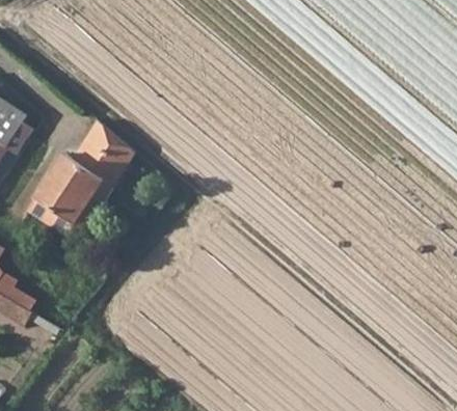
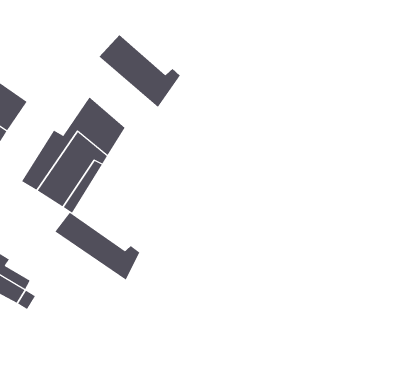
building: none -> [99,34,180,108]
building: none -> [55,212,140,281]

